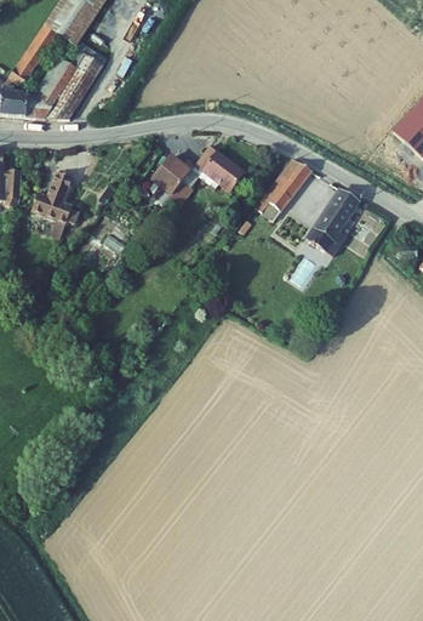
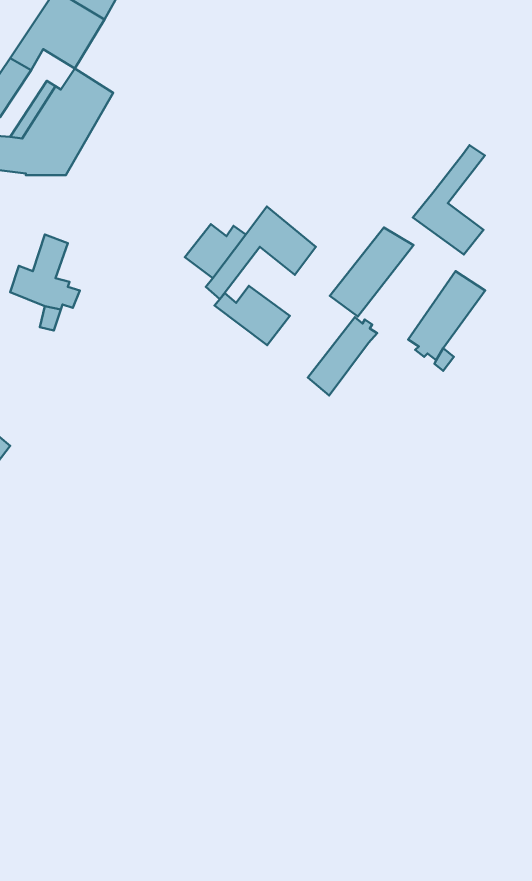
building: none -> [413,145,485,255]
building: none -> [215,286,290,345]
building: none -> [308,317,377,395]

